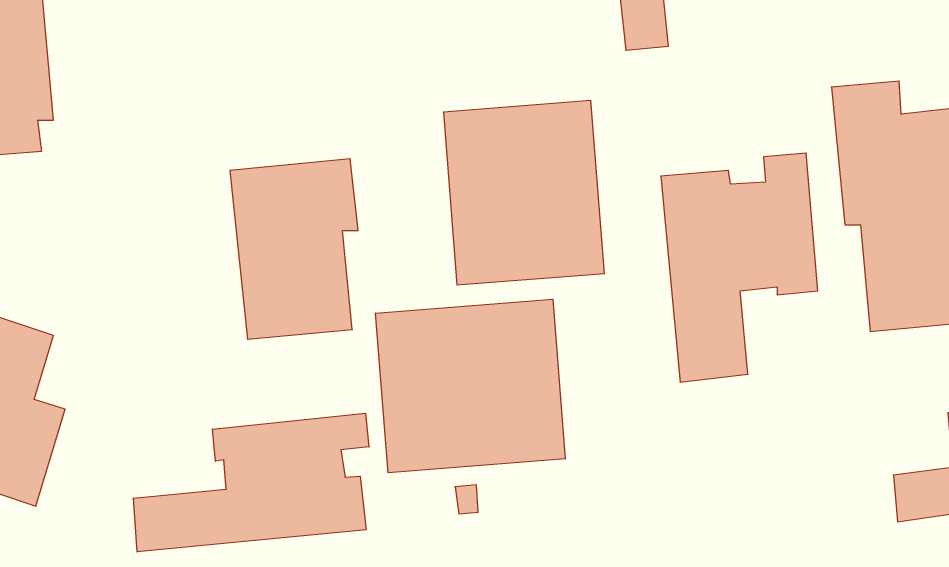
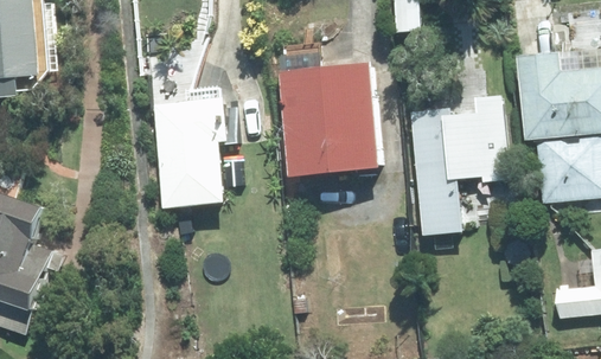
building: [376,299,565,473] -> none
building: [133,413,369,552] -> none

